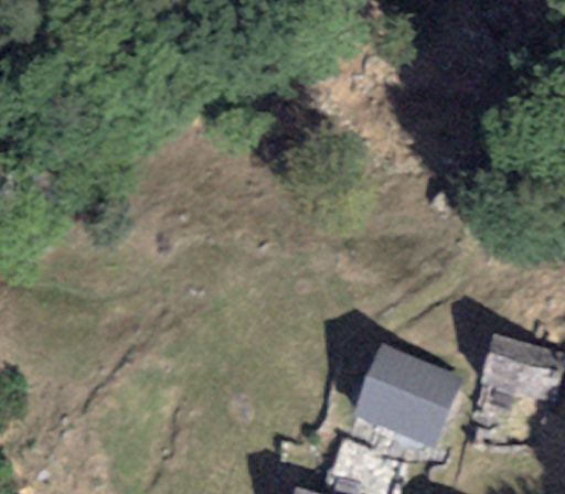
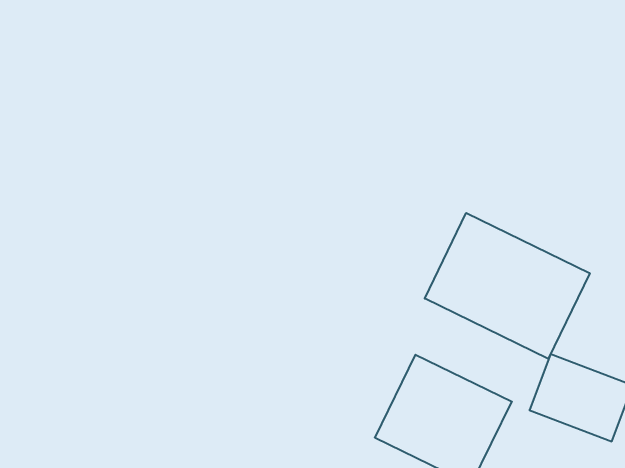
building: none -> [425,213,590,359]

